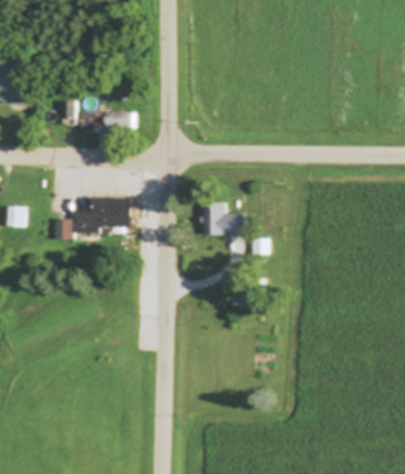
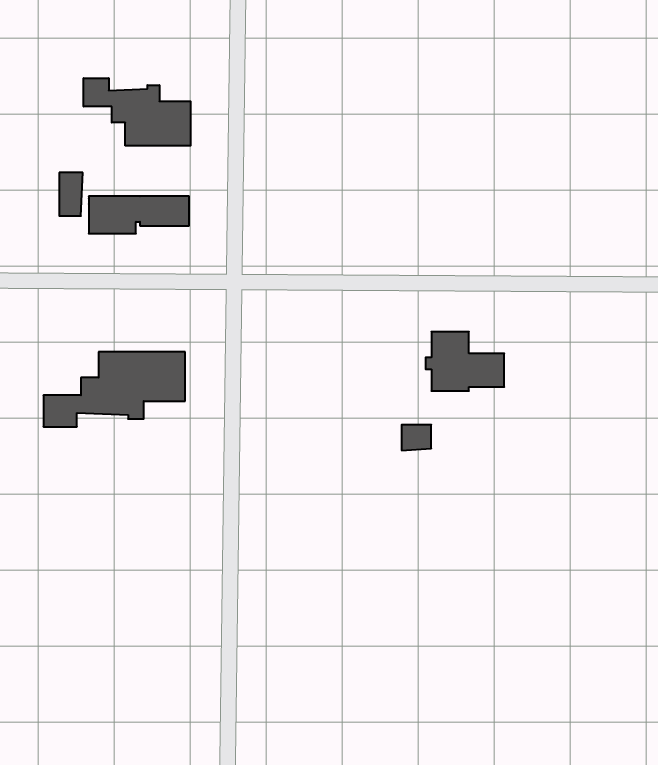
building: none -> [84,78,191,146]
building: [199,202,243,235] -> [426,332,504,391]

